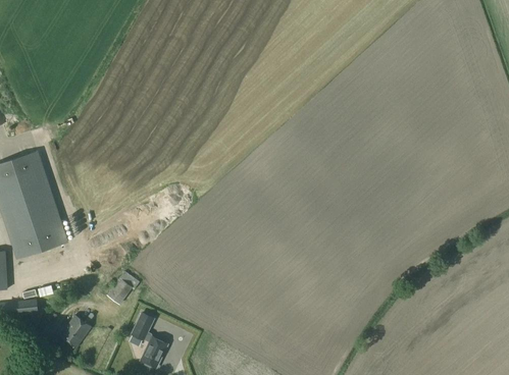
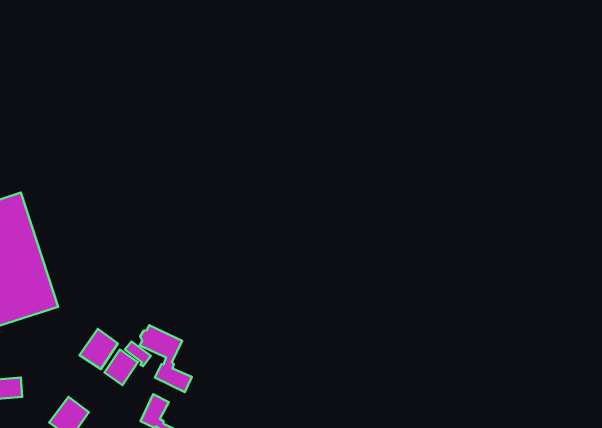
building: none -> [140,325,192,392]
building: none -> [80,329,118,369]

